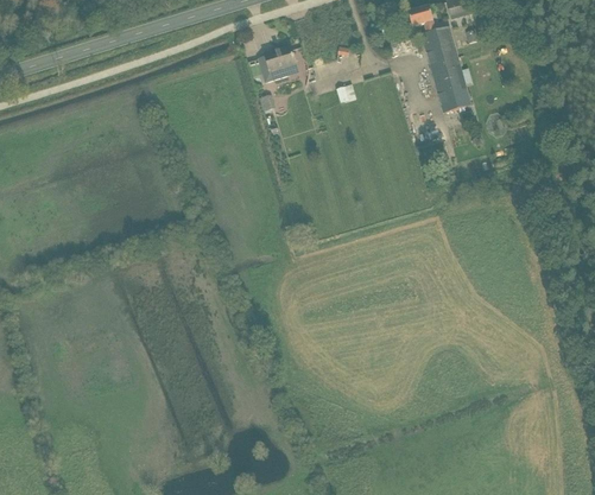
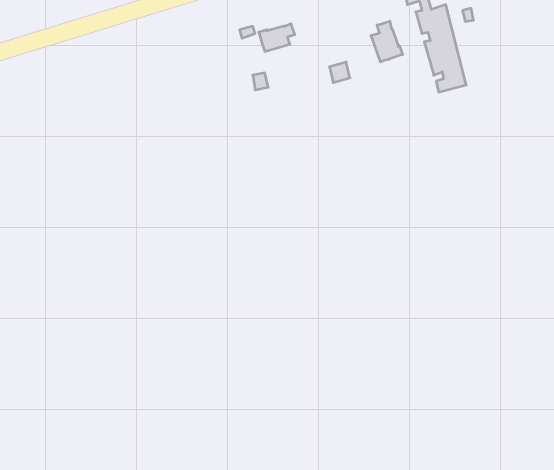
building: none -> [371,21,403,62]

